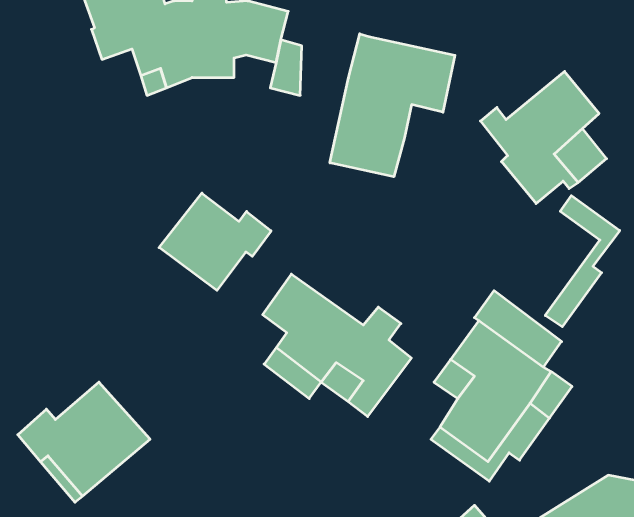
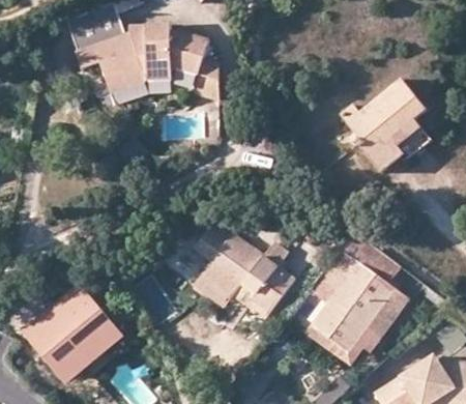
building: [330,34,455,177] -> none
building: [159,193,271,290] -> none
building: [545,196,620,327] -> none

